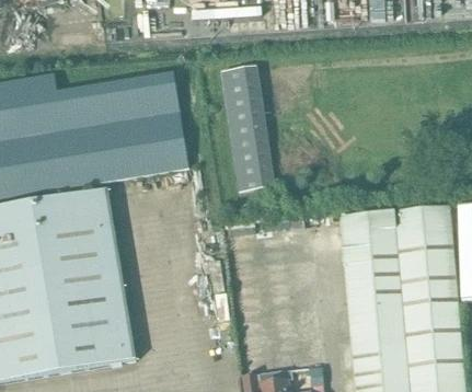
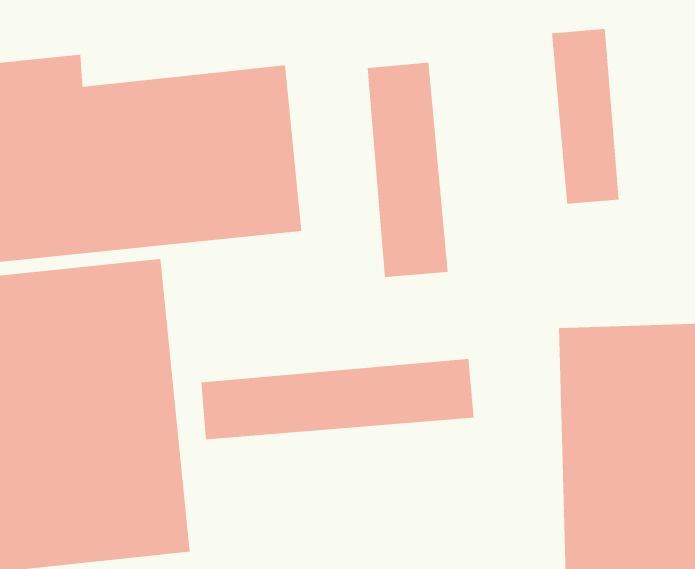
building: none -> [552,28,619,204]
building: none -> [201,358,474,440]

